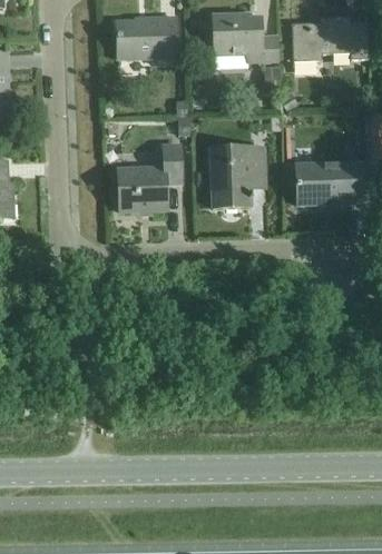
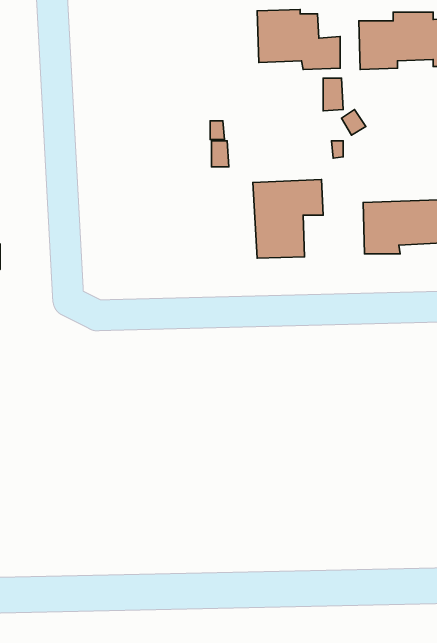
building: [118,16,177,58] -> none
building: [119,144,182,210] -> none

